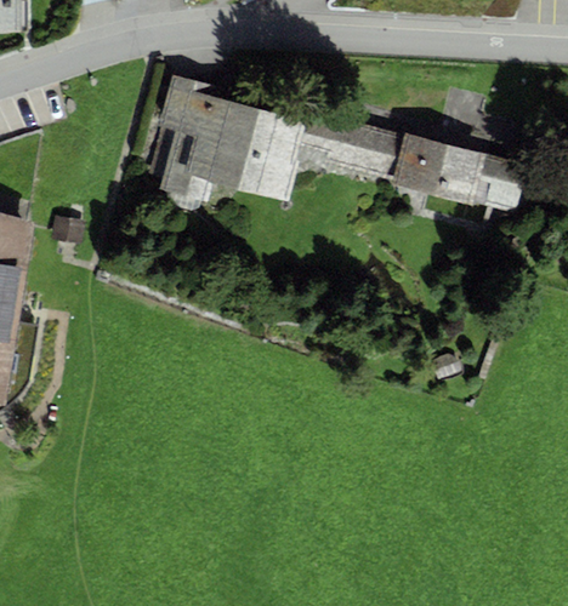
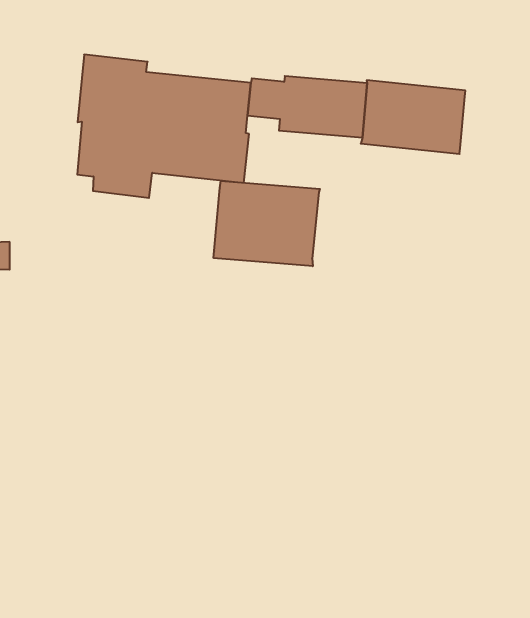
building: [471,159,523,212] -> none
building: none -> [214,181,320,266]

